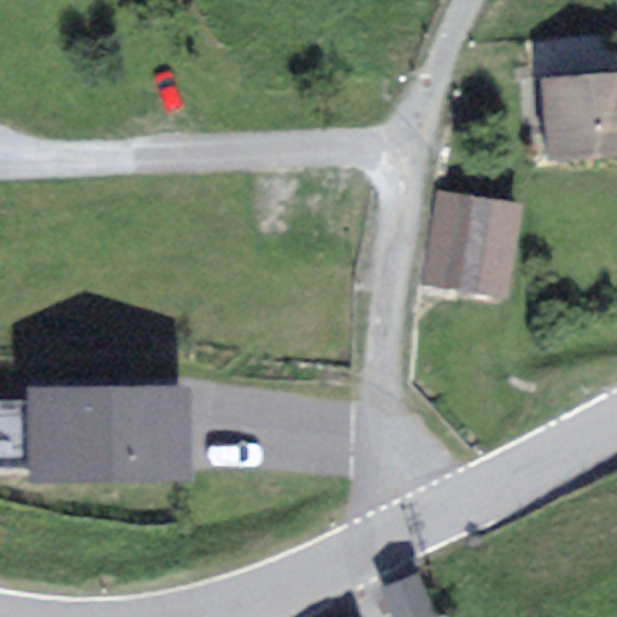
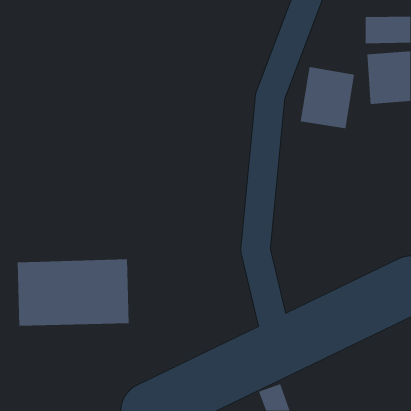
building: [421,194,503,287] -> [300,66,355,129]

